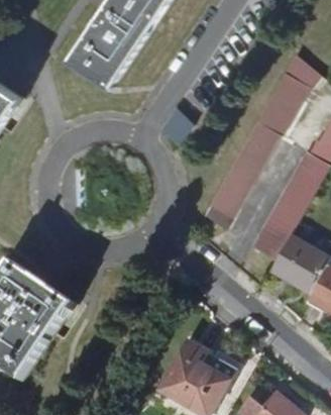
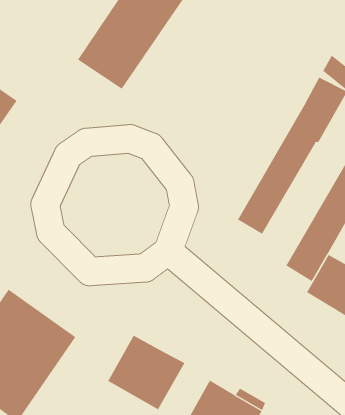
building: none -> [108,335,185,410]

